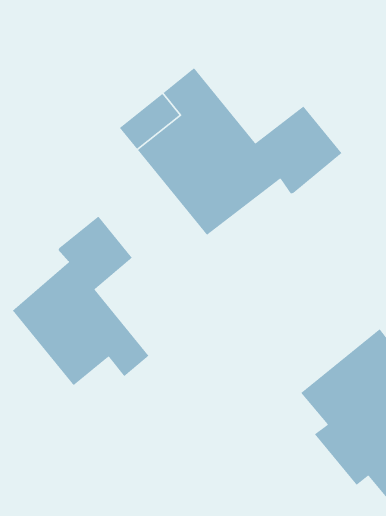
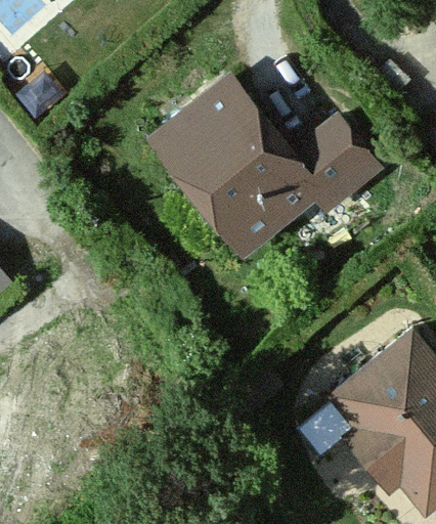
building: [12,215,150,386] -> none

